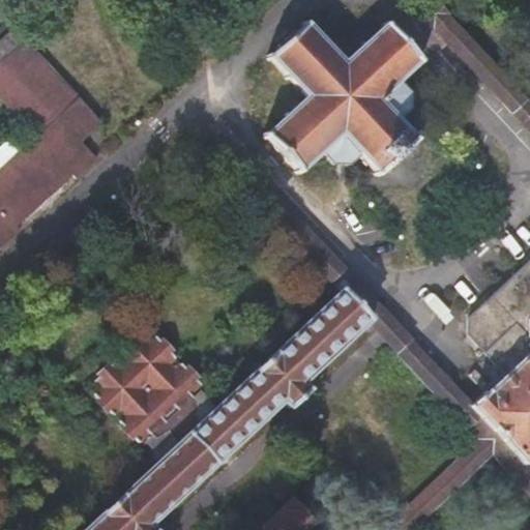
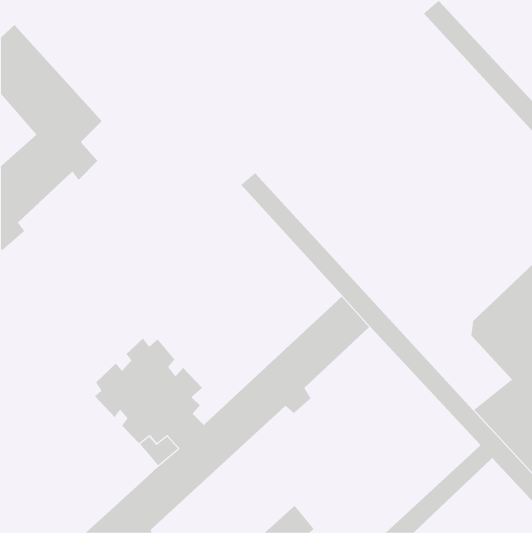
building: [265,20,421,176] -> none

